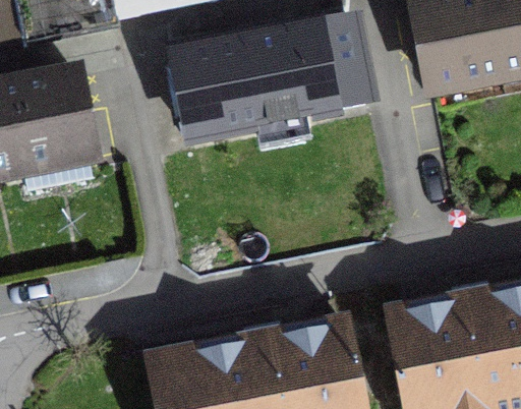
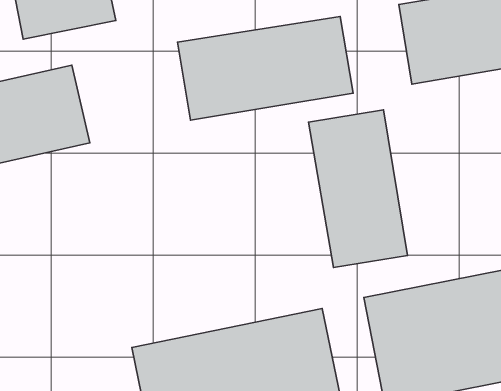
building: none -> [308,110,407,267]

